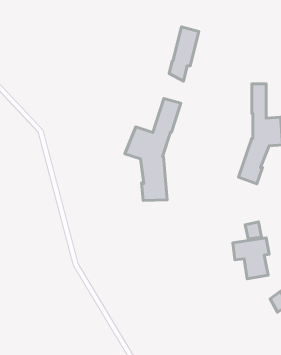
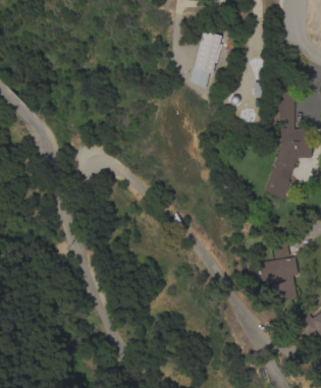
building: [125,98,181,201] -> none

